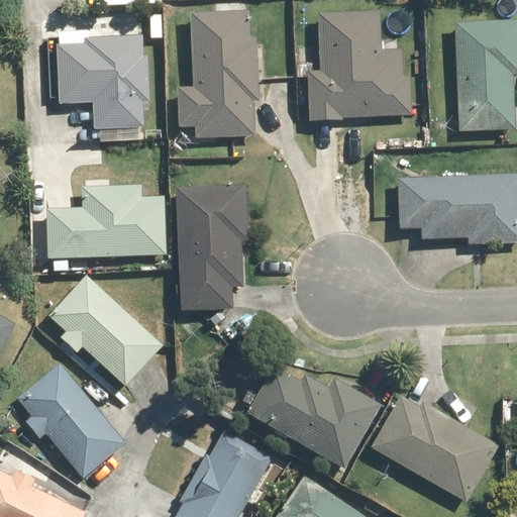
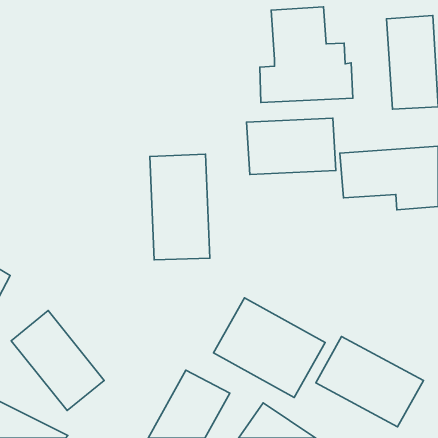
building: [180,10,254,138] -> none
building: [57,38,145,132] -> none
building: none -> [247,118,336,175]
building: [49,186,167,257] -> none
building: [48,275,163,385] -> none

